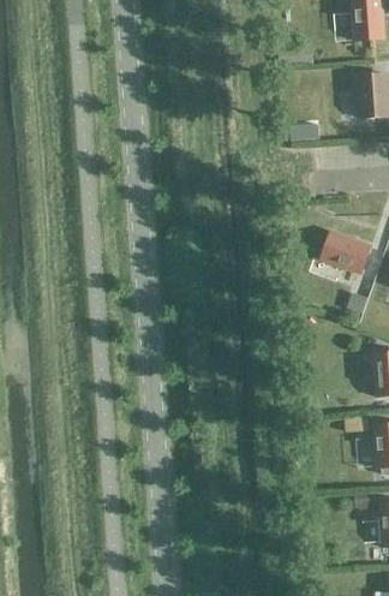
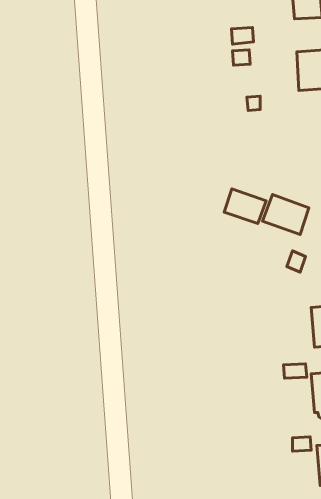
building: none -> [224,189,266,224]

